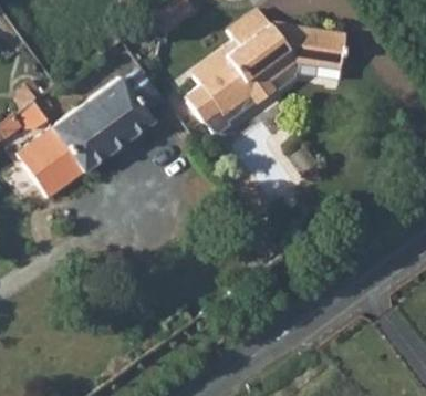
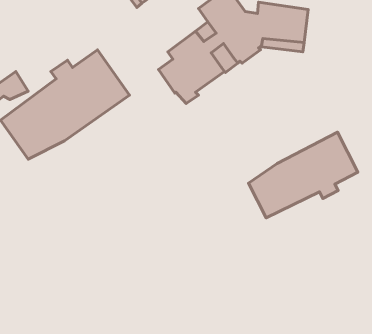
building: none -> [249,132,358,218]

